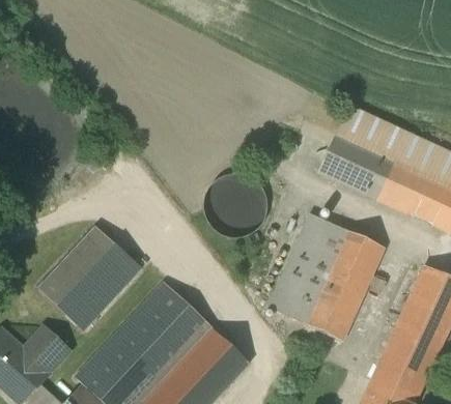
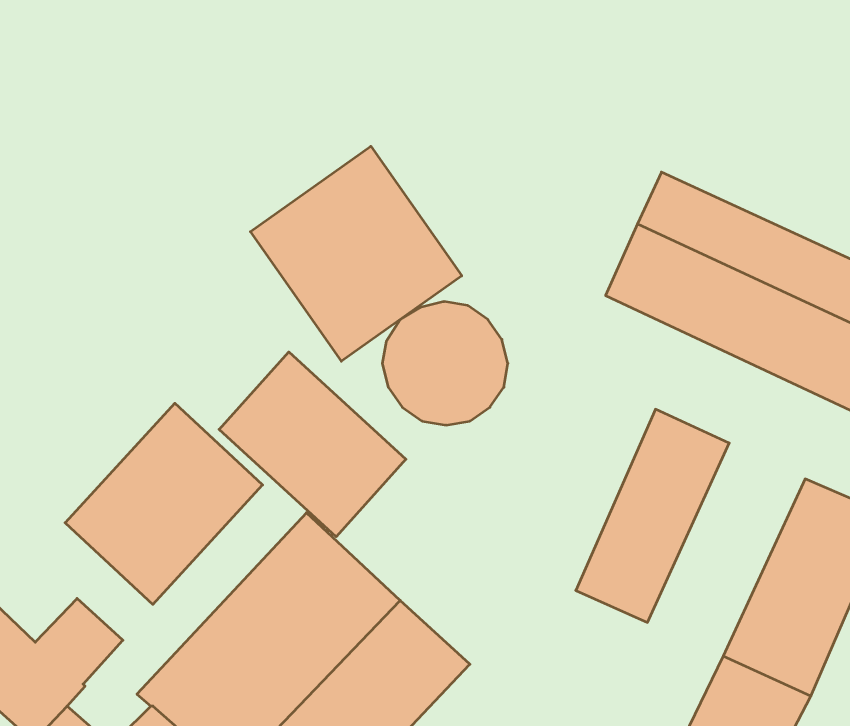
building: none -> [250,146,462,361]
building: none -> [219,352,406,537]
building: [267,212,345,323] -> none

